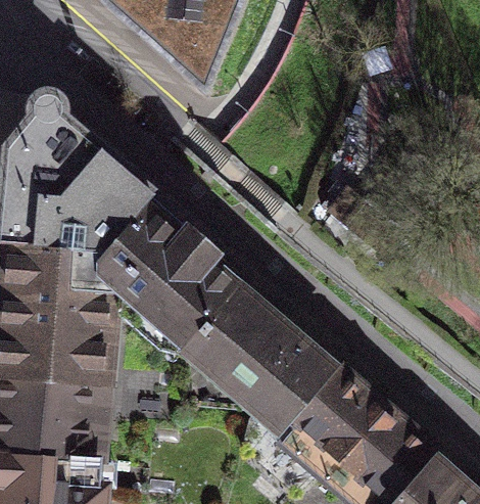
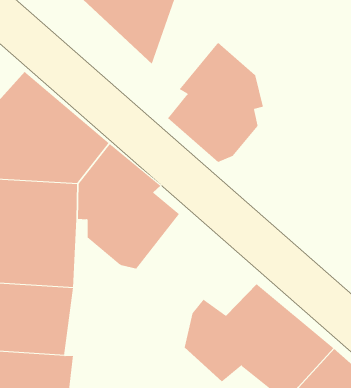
building: none -> [167,42,263,163]
building: [180,277,336,405] -> none

